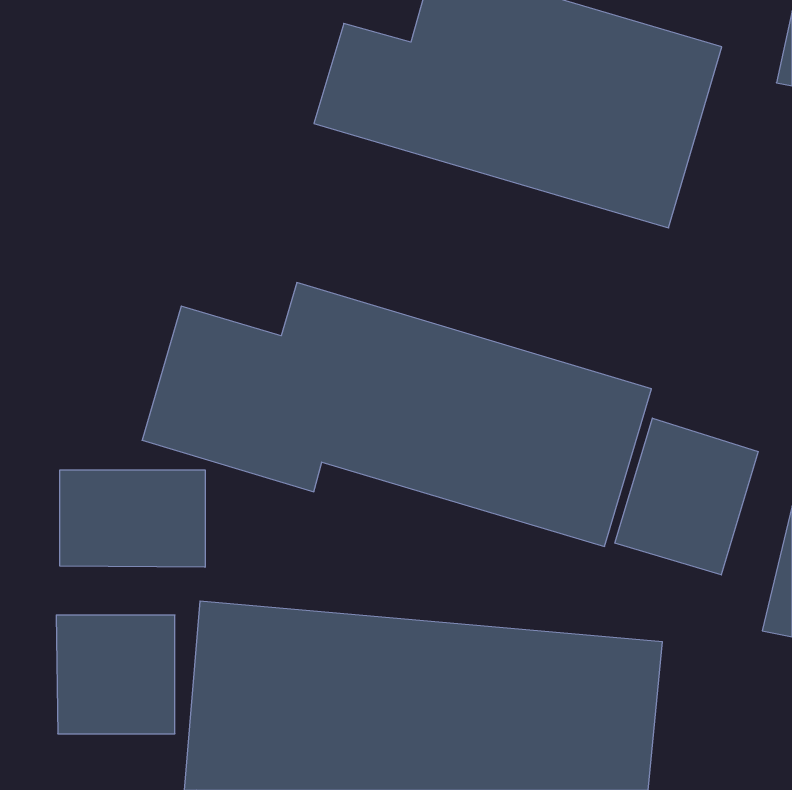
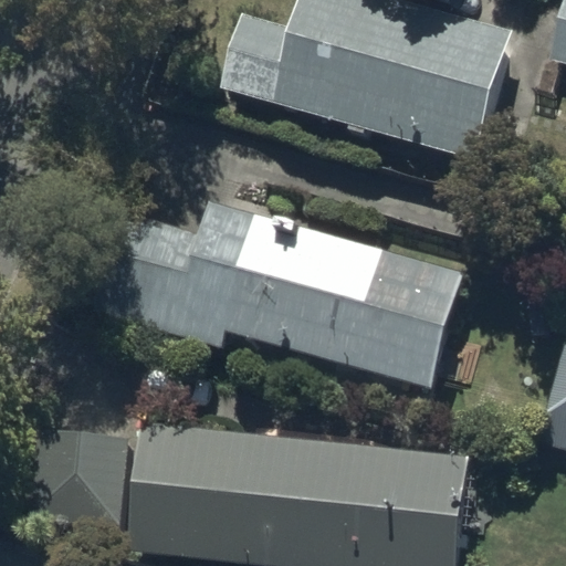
building: [615,418,758,575] -> none
building: [60,470,205,567] -> none

